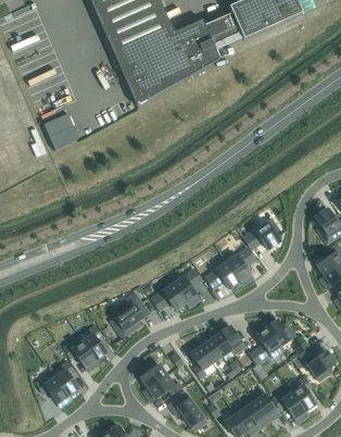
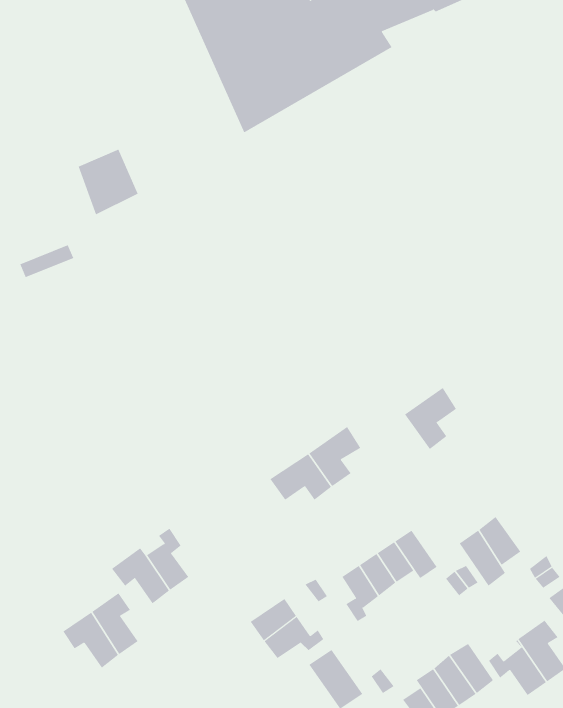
building: [243,221,280,250] -> none
building: [205,262,240,288] -> none
building: [111,300,149,334] -> none

